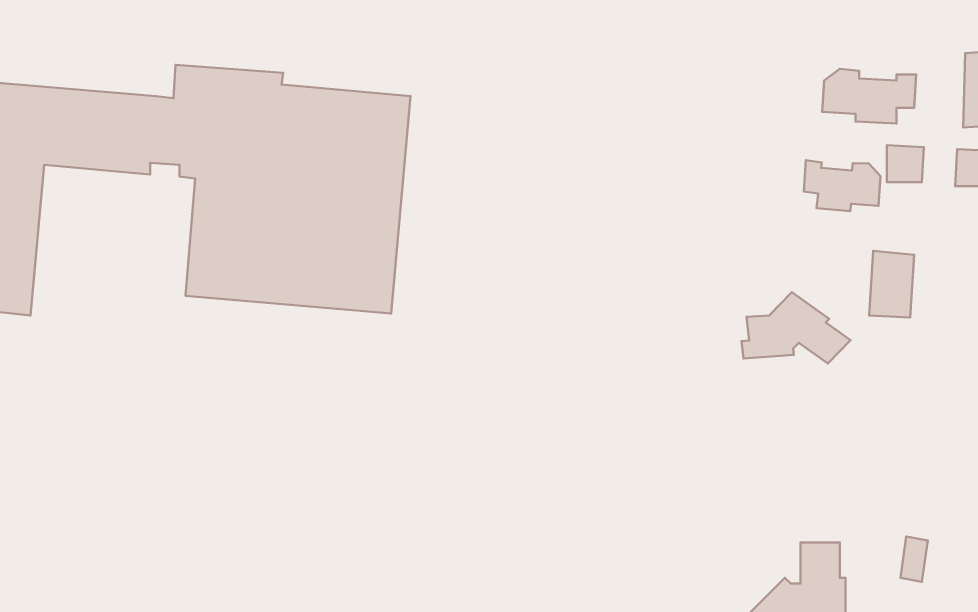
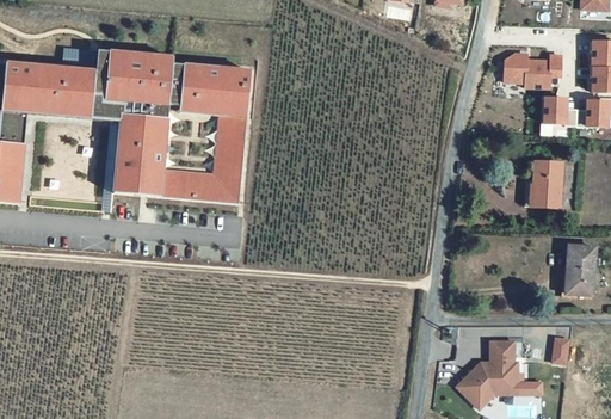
building: [804,160,880,211] -> none
building: [742,292,851,364] -> none
building: none -> [567,247,593,291]

